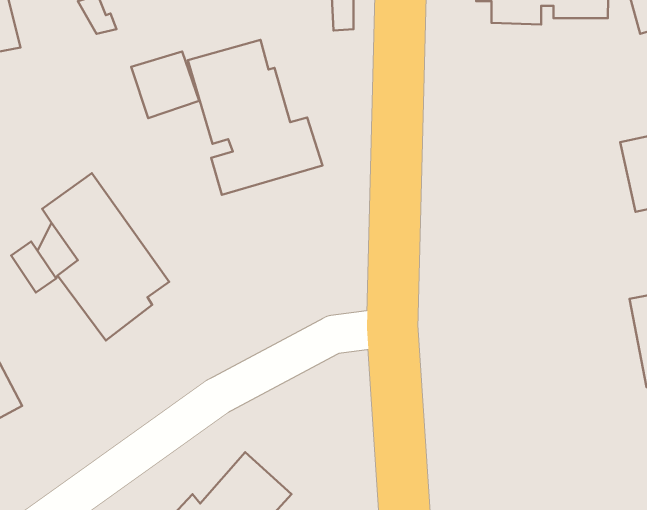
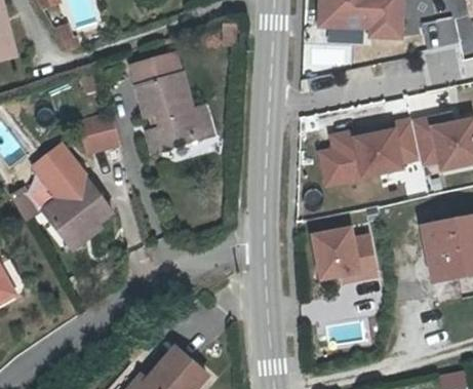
building: [131,51,199,118] -> [75,112,120,156]
building: none -> [317,120,417,190]
building: none -> [312,226,379,283]

